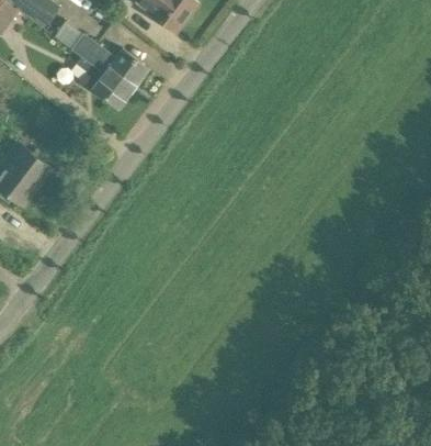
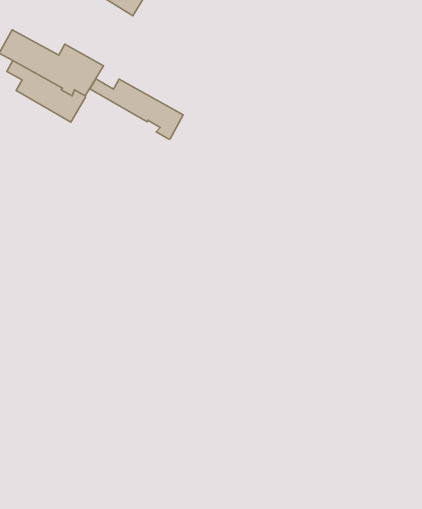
building: none -> [90,79,183,139]

